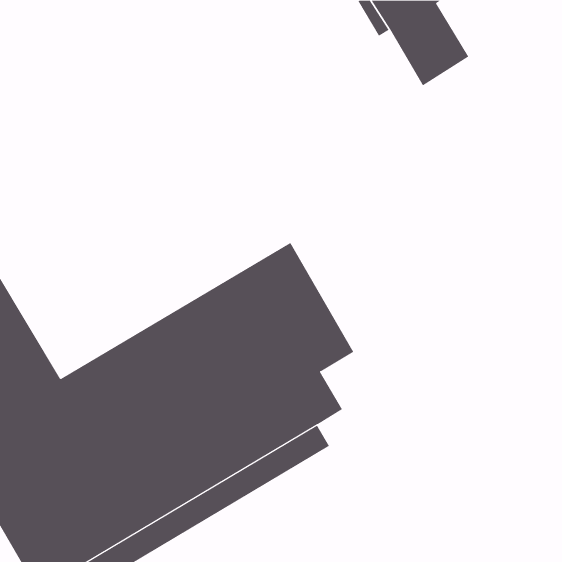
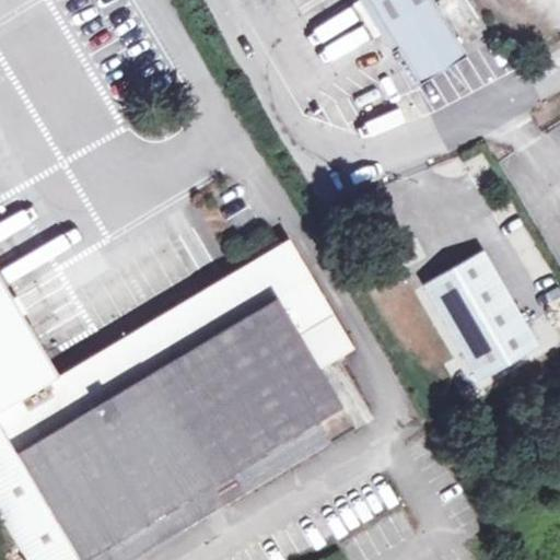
building: none -> [420,252,536,384]

